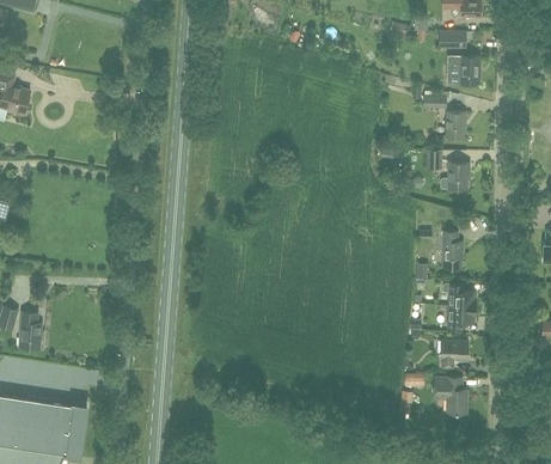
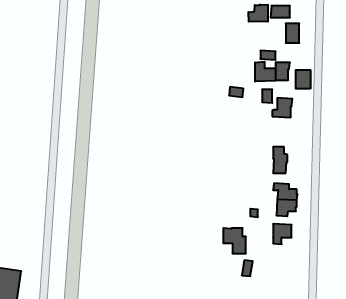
building: none -> [248,4,268,22]
building: none -> [255,62,276,82]
building: none -> [296,70,310,89]
building: [433,378,465,414] -> [223,228,246,253]

